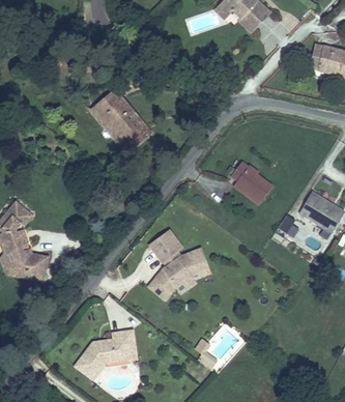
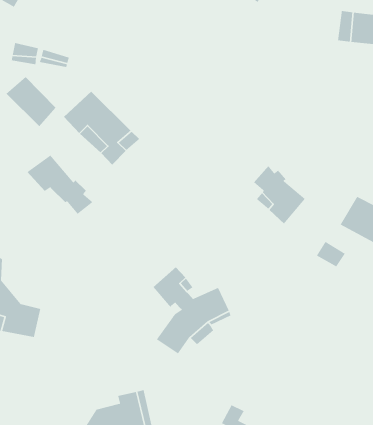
building: none -> [6,76,56,127]
building: none -> [27,155,93,215]

